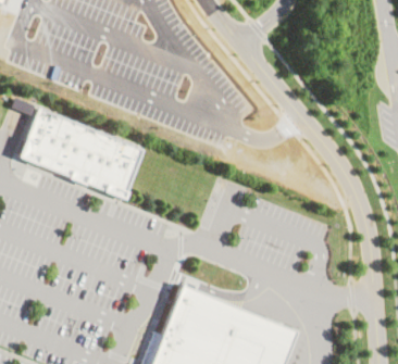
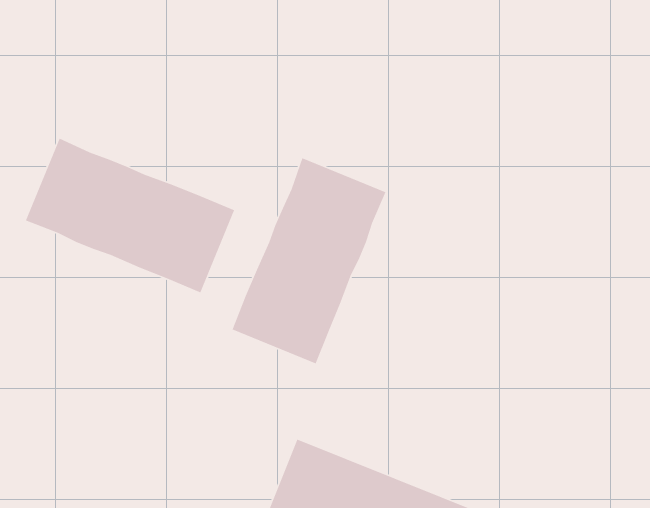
building: none -> [231,157,387,364]

